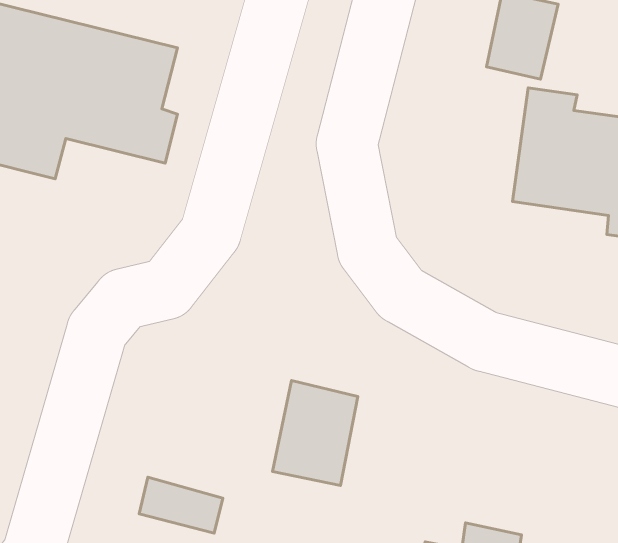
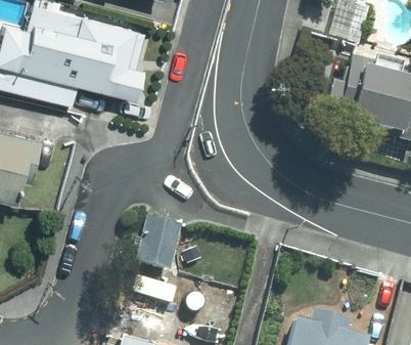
building: [272,381,358,485] -> [132,213,182,274]

